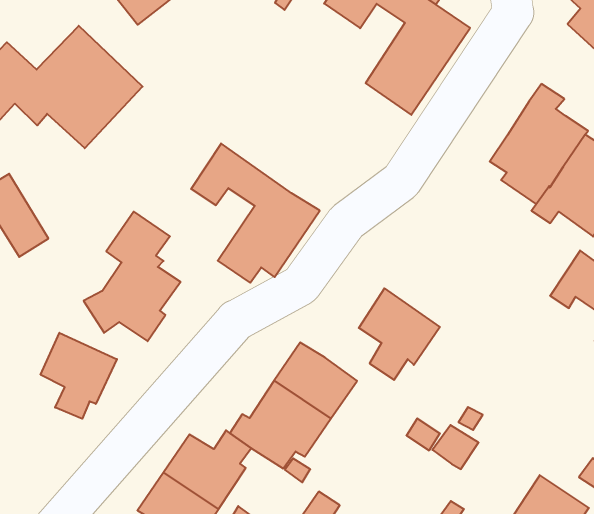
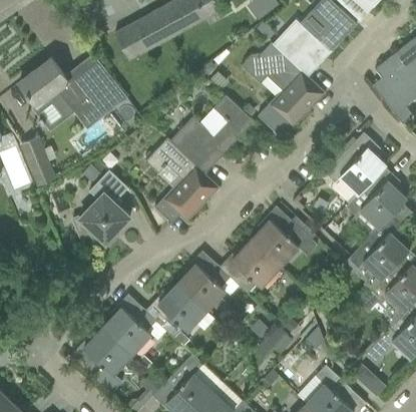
building: none -> [170,95,254,174]
building: none -> [251,220,317,268]
building: [41,333,117,419] -> none

